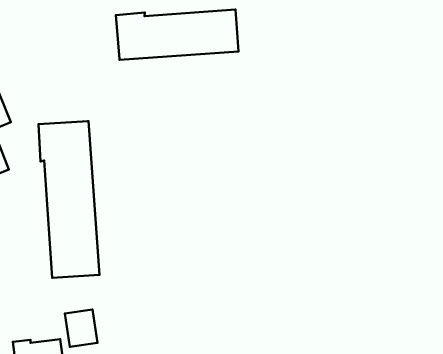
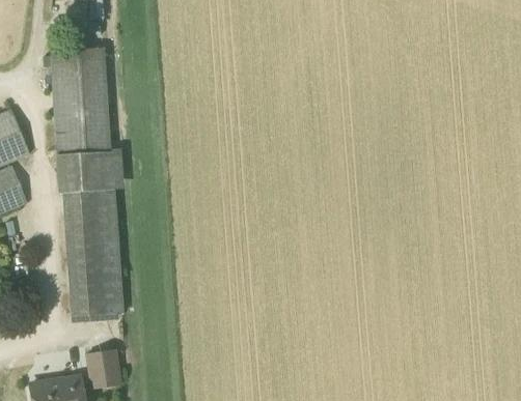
building: [116,9,239,60] -> none
building: none -> [50,48,109,155]

